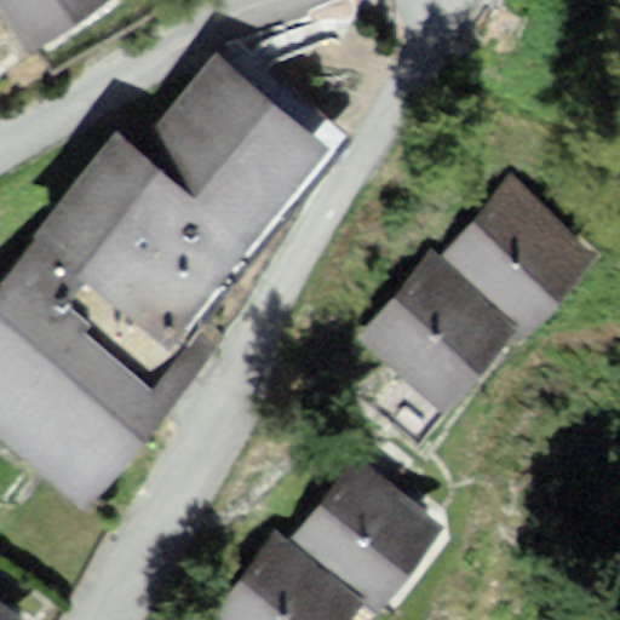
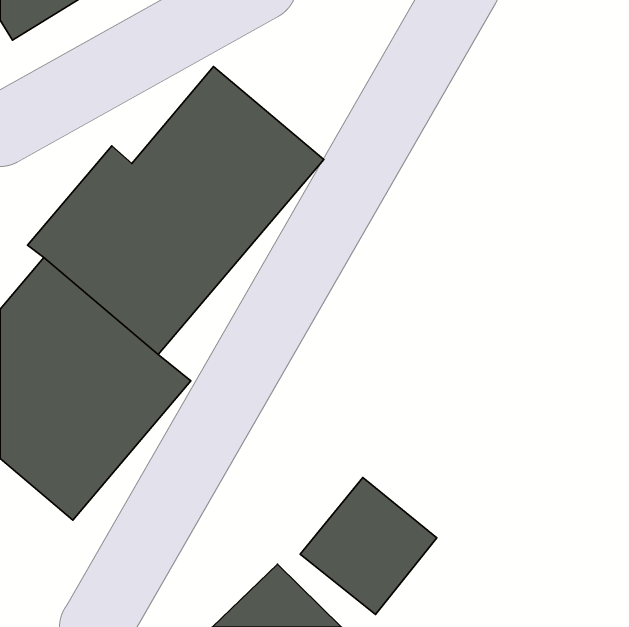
building: [444,189,576,321] -> none
building: [357,264,503,408] -> none

